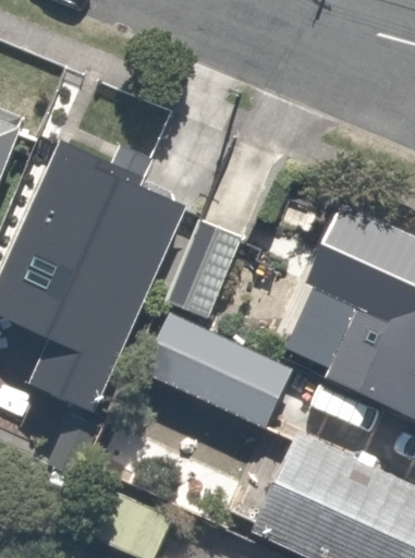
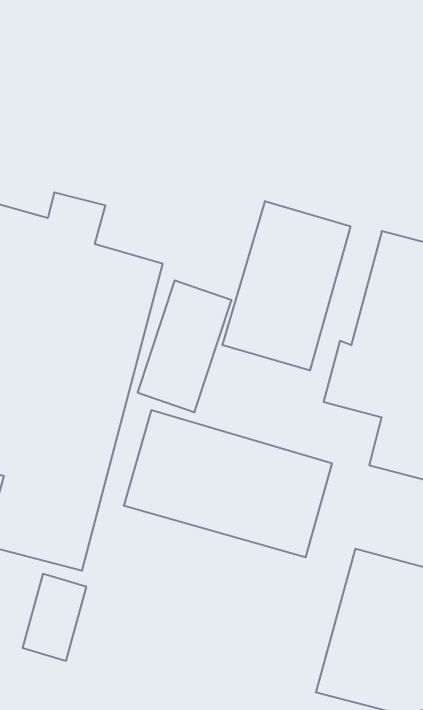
building: none -> [223,201,350,370]

